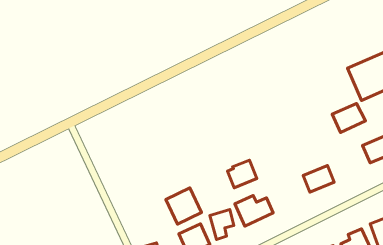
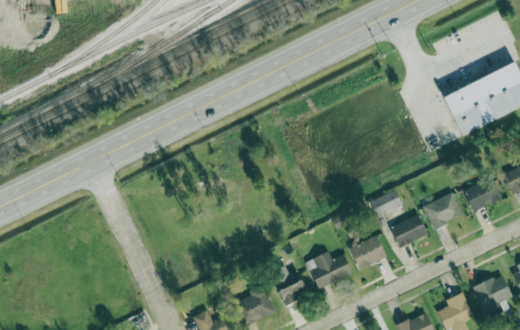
building: [332,103,366,133] -> [422,193,463,229]
building: none -> [369,189,402,217]
building: [228,160,257,188] -> [350,235,386,269]
building: [166,188,201,224] -> none

